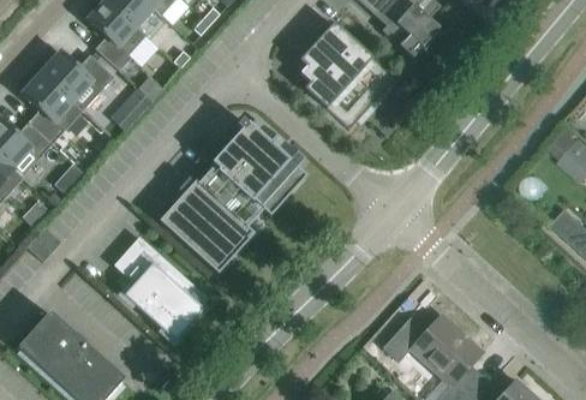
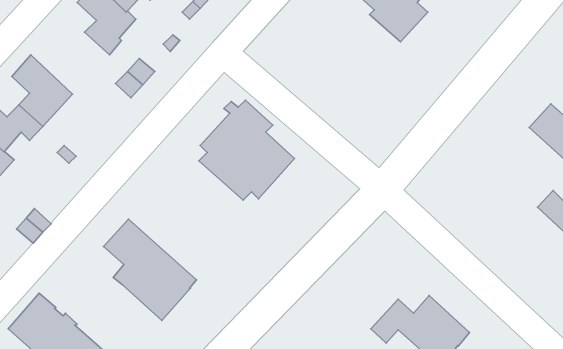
building: [299,22,394,129] -> none
building: [40,50,113,111] -> none
building: [159,178,253,274] -> none

